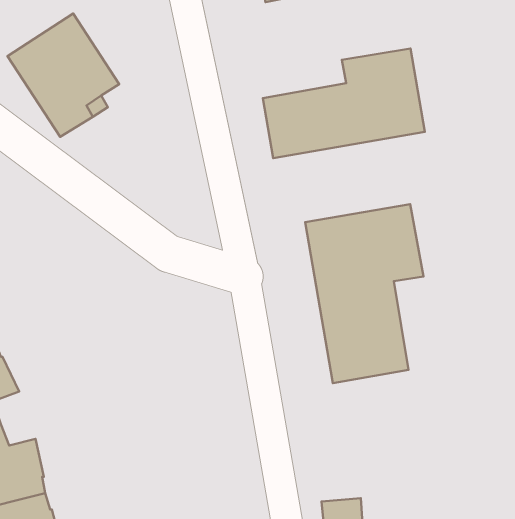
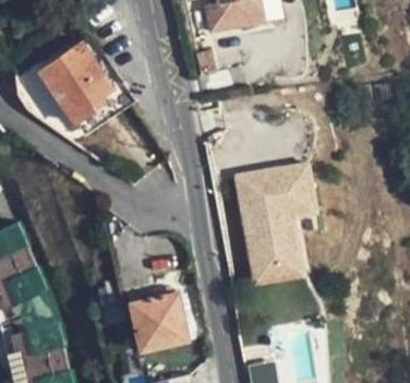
building: [263,48,425,158] -> none
building: none -> [125,292,188,354]

